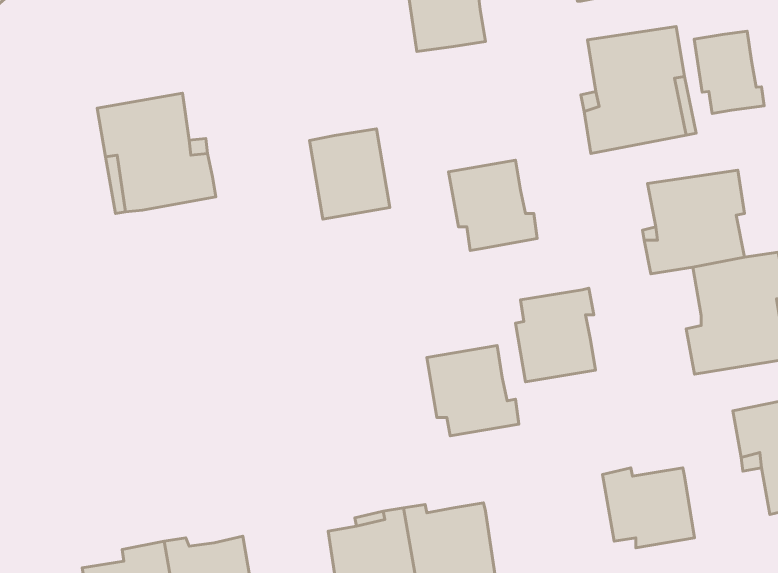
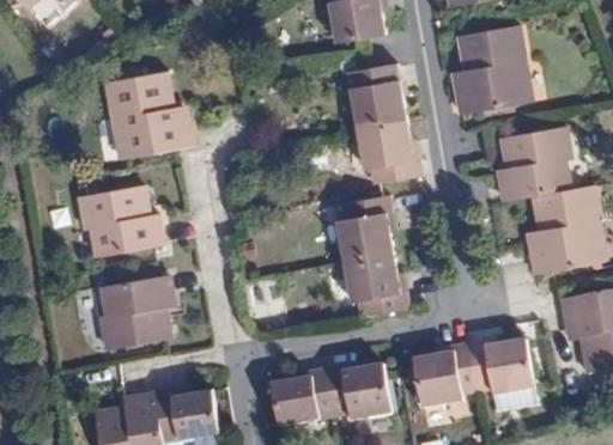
building: [694,31,764,113] -> none
building: [309,129,390,219] -> [347,63,405,128]
building: none -> [80,184,162,255]
building: [515,288,596,382] -> [334,194,392,261]
building: none -> [101,275,172,349]
building: none -> [412,345,475,409]

